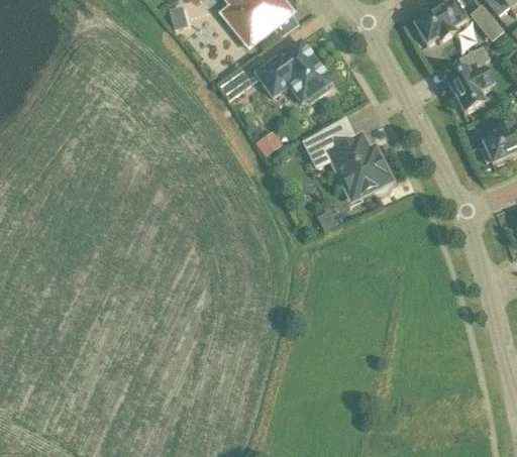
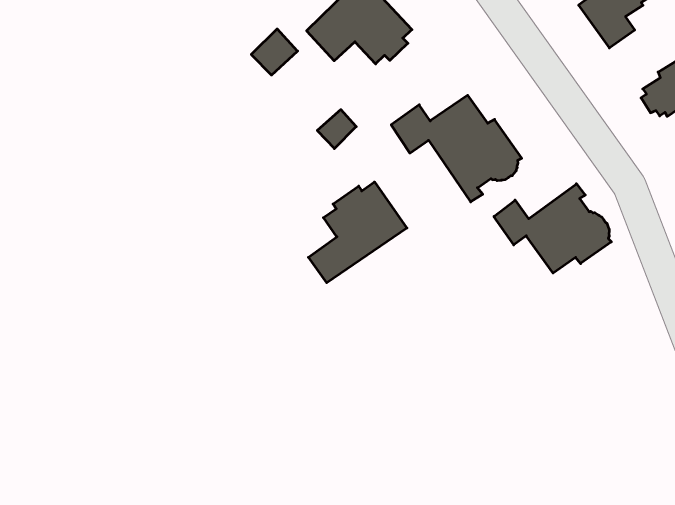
building: none -> [308,182,407,283]
building: none -> [494,184,611,273]

